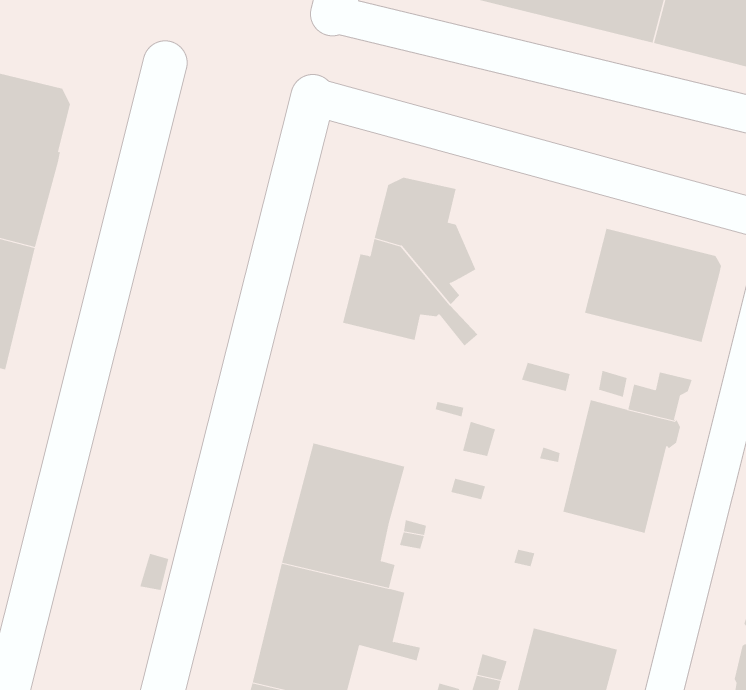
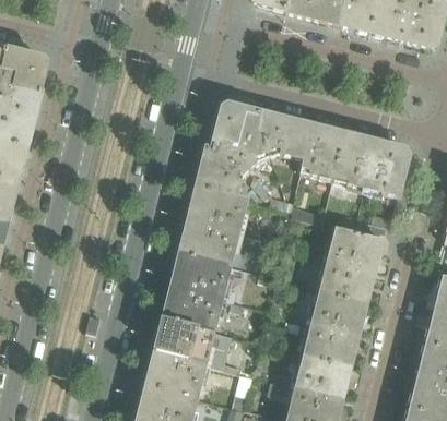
building: none -> [256,111,343,180]
building: none -> [180,185,248,265]
building: none -> [303,290,365,366]

